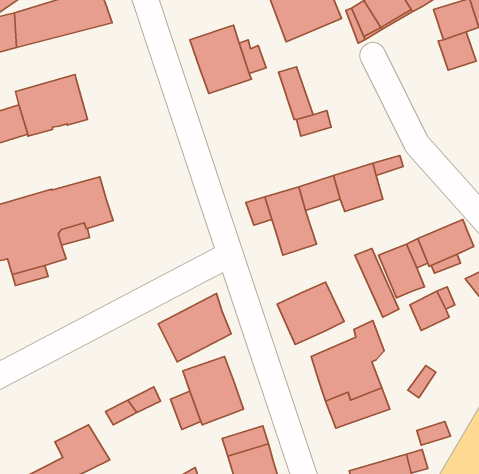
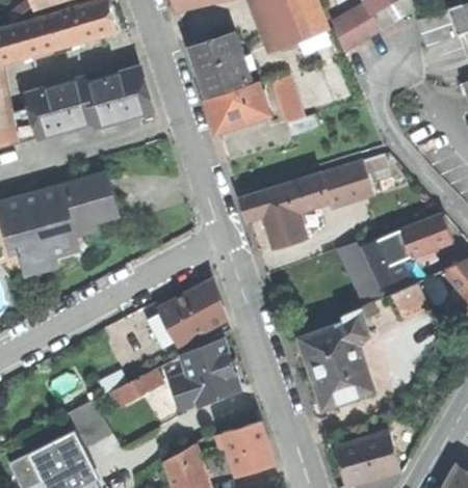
building: none -> [83,67,151,126]
building: none -> [207,84,265,130]
building: [277,282,344,345] -> none

